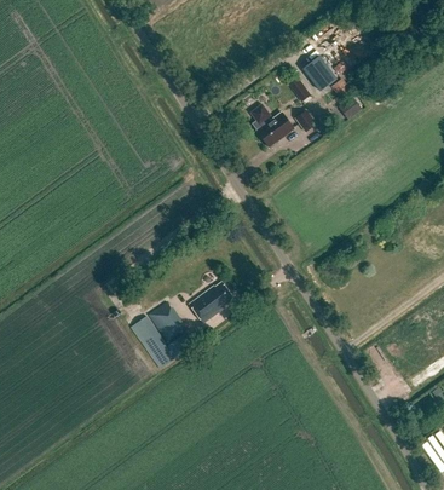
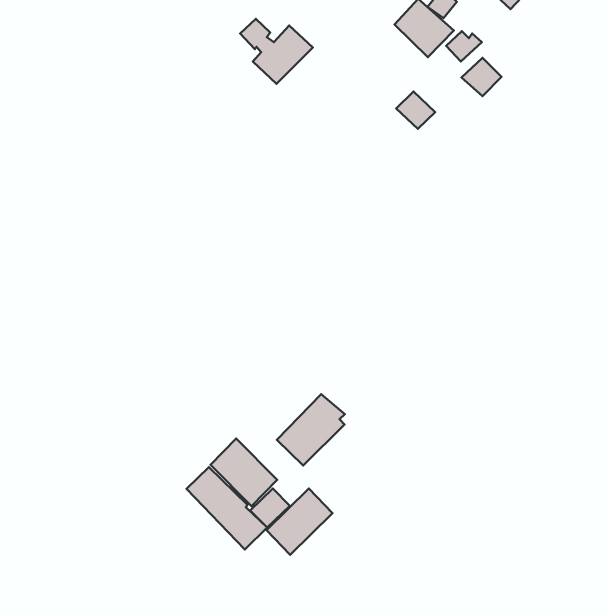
building: [252,106,294,148] -> [240,19,313,84]
building: none -> [266,488,332,555]

